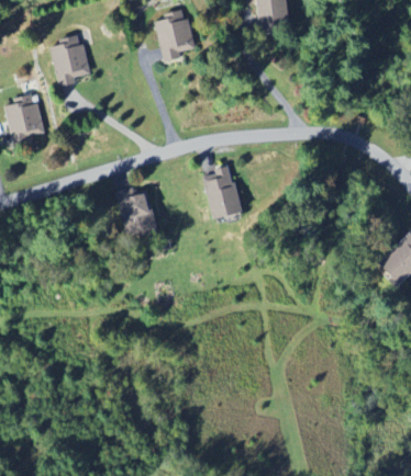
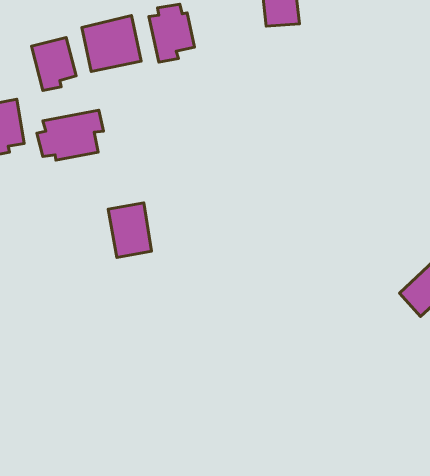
building: none -> [82,16,141,72]
building: none -> [37,110,104,160]
building: [204,166,242,219] -> none

